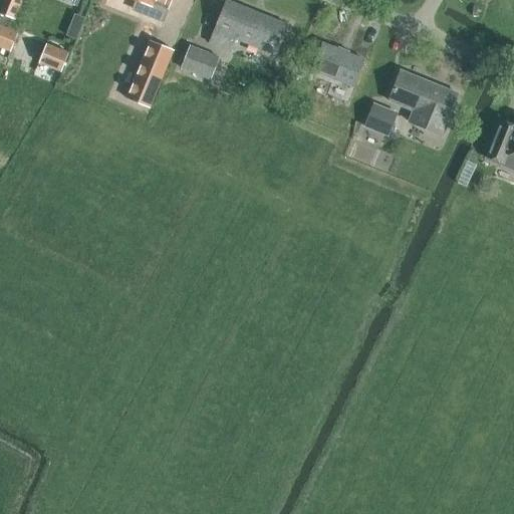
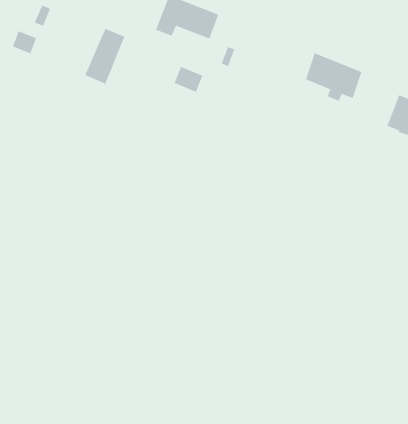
building: [311,41,362,85] -> none
building: [186,45,221,76] -> [174,66,203,92]
building: [368,103,398,132] -> none

